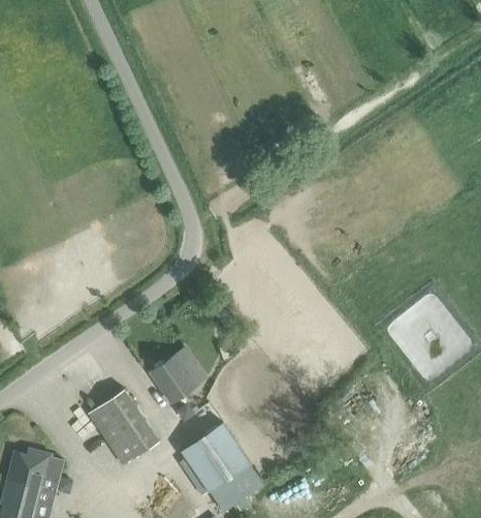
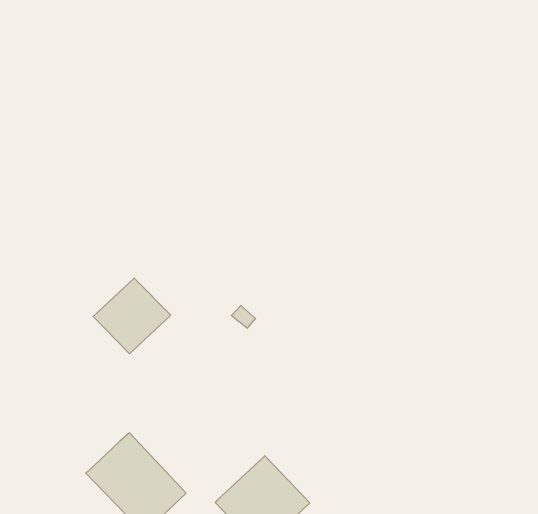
building: [149,348,206,404] -> [93,278,171,354]

